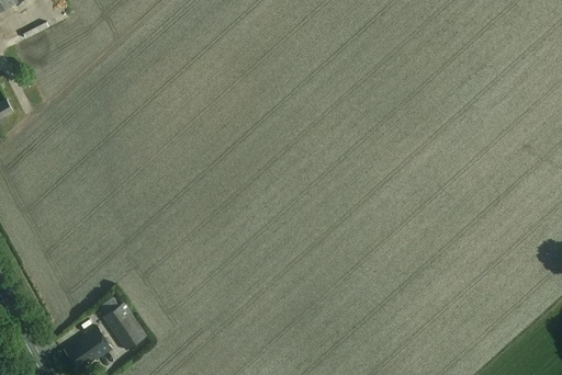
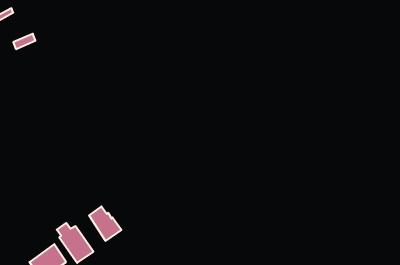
building: none -> [89,206,121,241]

